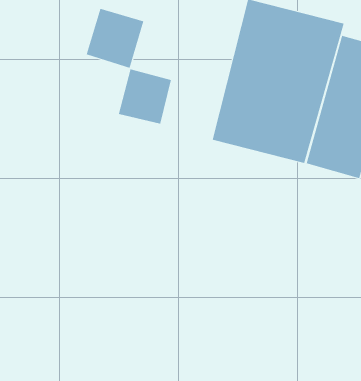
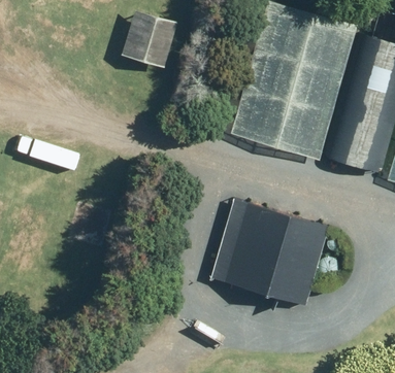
building: [118,69,172,124] -> none
building: none -> [205,198,324,305]

